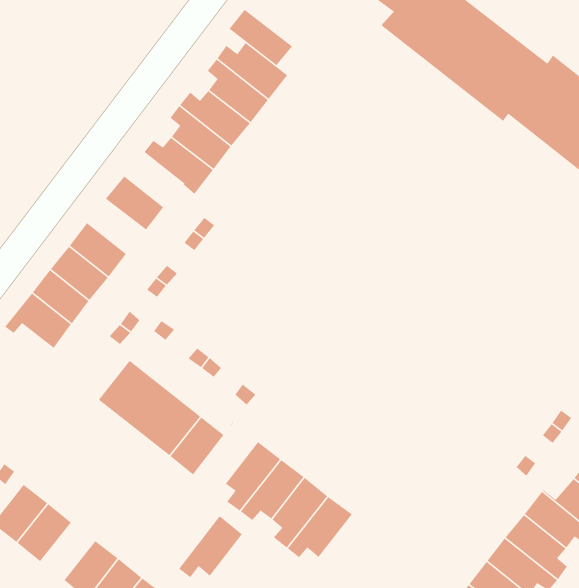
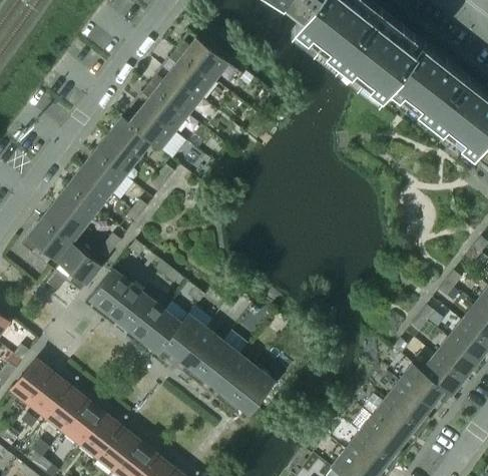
building: [228,9,293,66] -> none
building: none -> [108,118,151,158]
building: none -> [81,152,124,192]
building: none -> [57,243,100,292]
building: [178,515,243,578] -> [158,315,205,361]
building: none -> [47,388,87,430]

